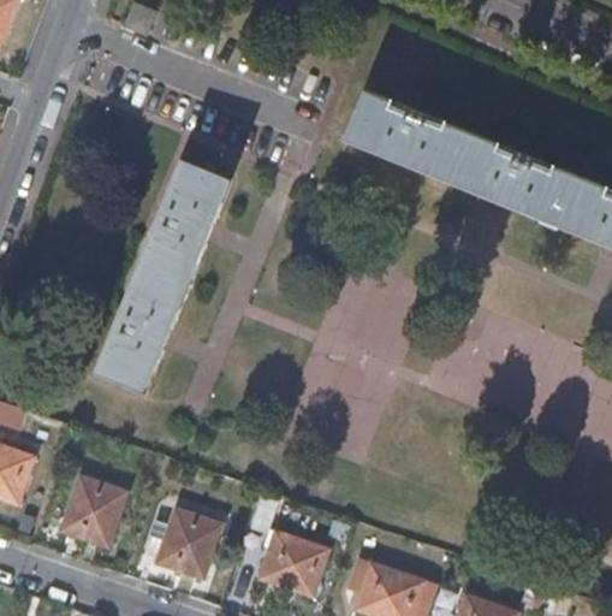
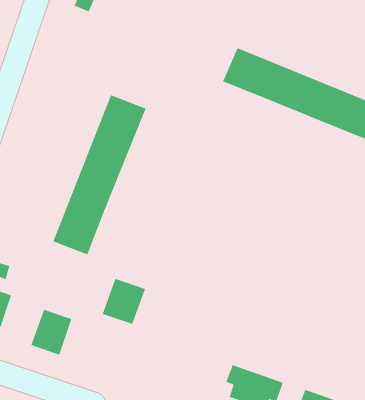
building: [155,509,220,578] -> [102,278,146,325]
building: [260,529,332,594] -> none

